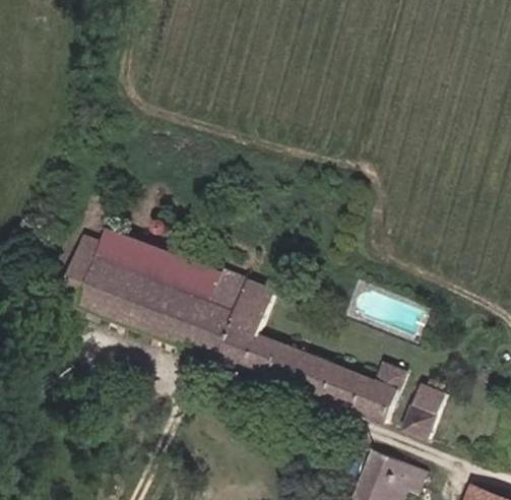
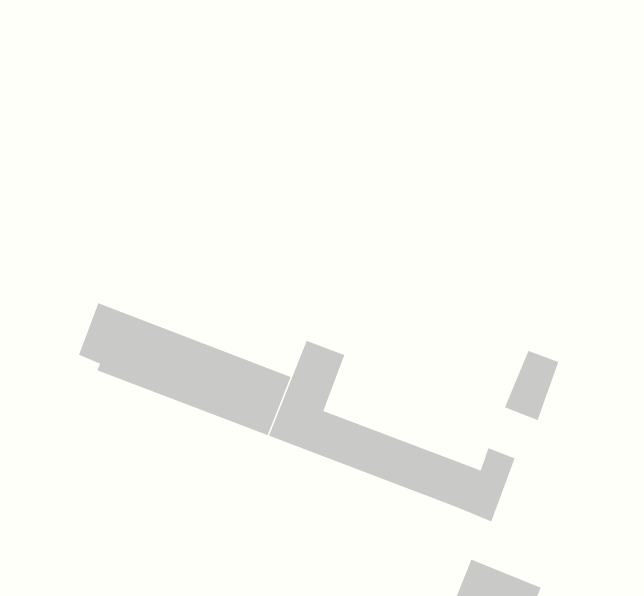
building: [79,227,241,308] -> none
building: [403,383,446,438] -> [504,350,559,421]

